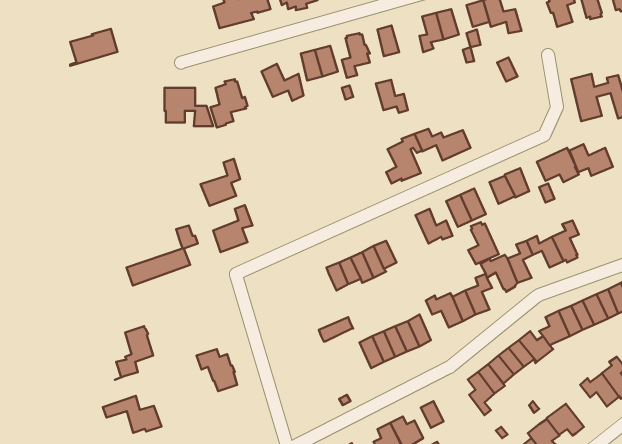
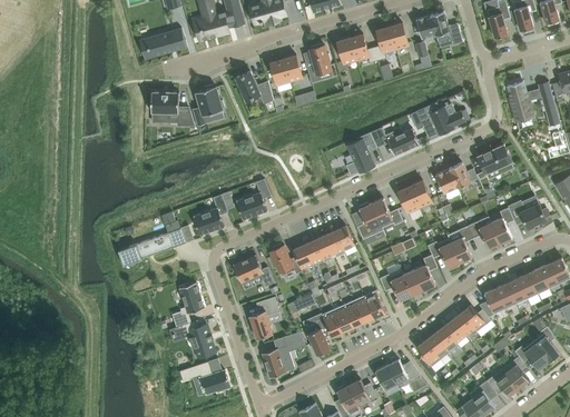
building: [70,29,117,66] -> [145,28,186,60]
building: [376,80,408,113] -> [350,34,377,63]
building: none -> [415,102,465,136]
building: [569,144,613,176] -> [508,200,546,228]
building: [201,159,240,206] -> [235,179,269,220]
building: [468,222,499,264] -> [356,202,383,239]
building: none -> [271,244,302,276]
building: none -> [234,255,274,287]
building: none -> [249,297,279,339]
building: [115,326,153,380] -> [170,282,204,329]
building: none -> [304,318,330,355]
building: none -> [262,331,303,378]
building: none -> [502,356,529,388]
building: none -> [386,360,421,388]
building: [103,396,161,433] -> [179,361,230,394]

